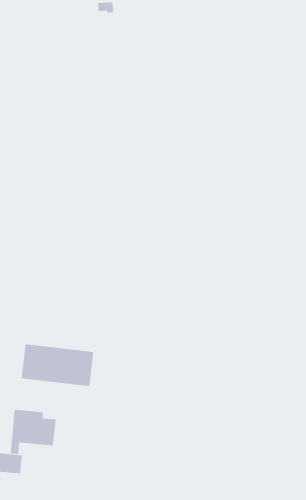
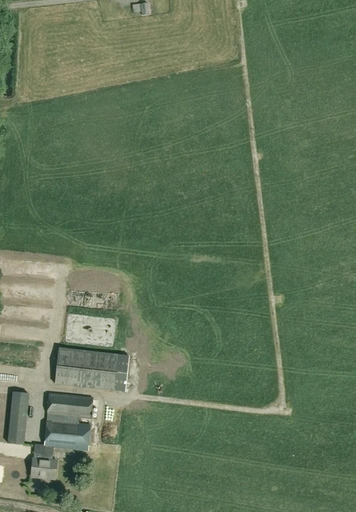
building: none -> [48,392,94,417]

